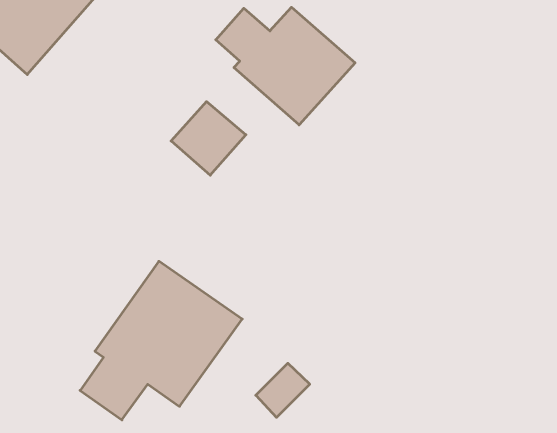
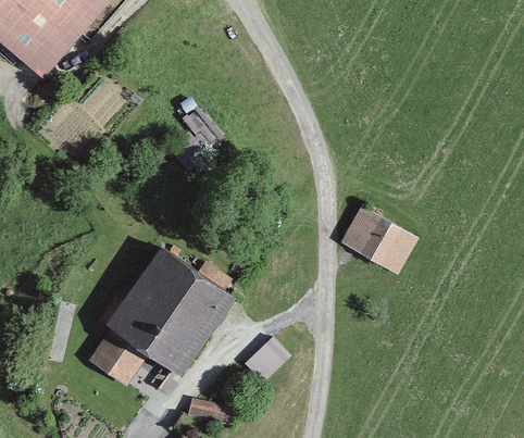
building: [216,7,355,125] -> none
building: none -> [340,204,419,274]

